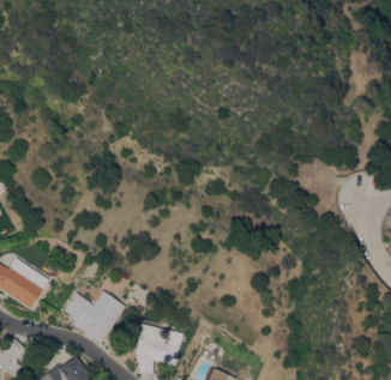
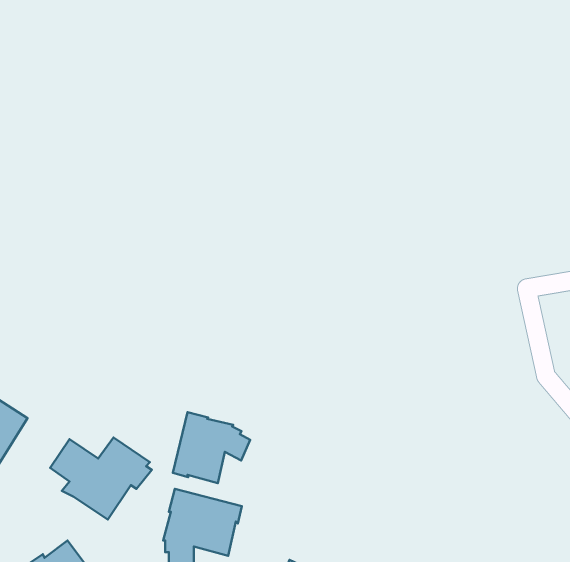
building: none -> [173,412,250,483]

